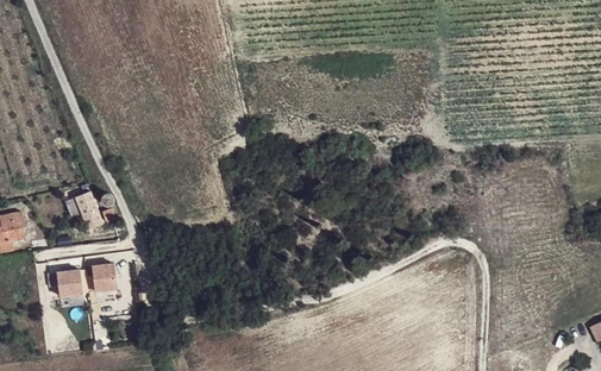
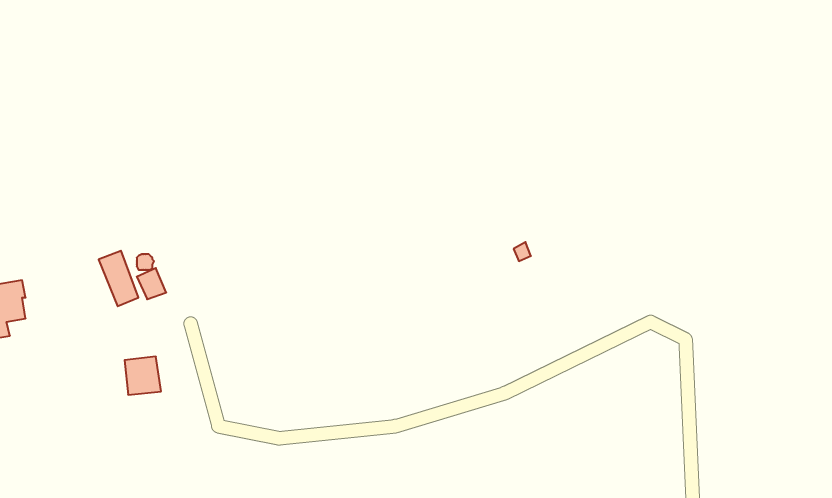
building: [55,270,81,296] -> none

